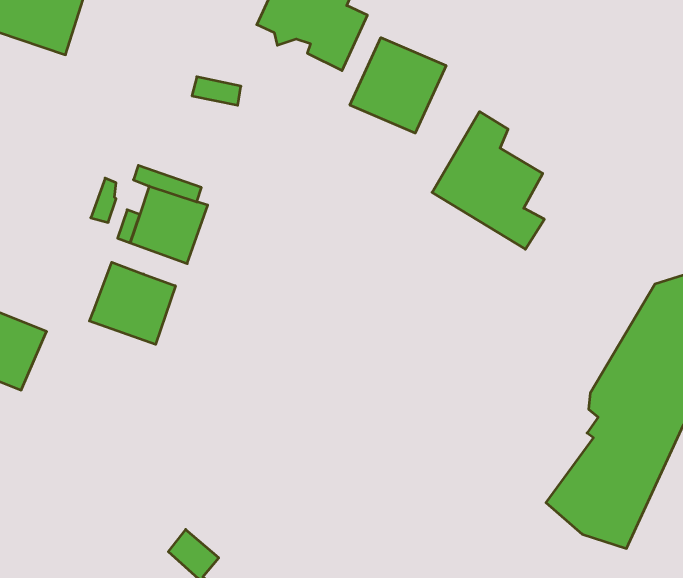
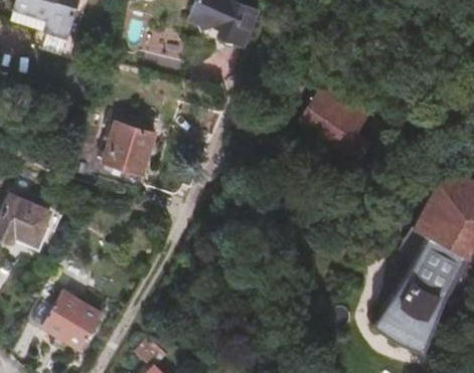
building: [350,38,446,133] -> none
building: [89,262,175,344] -> none
building: none -> [36,292,104,350]

